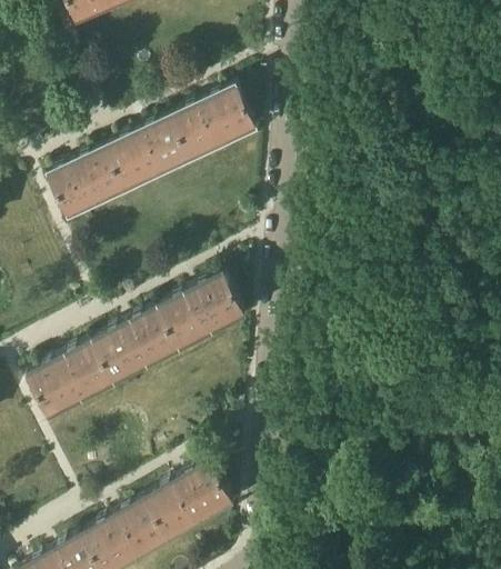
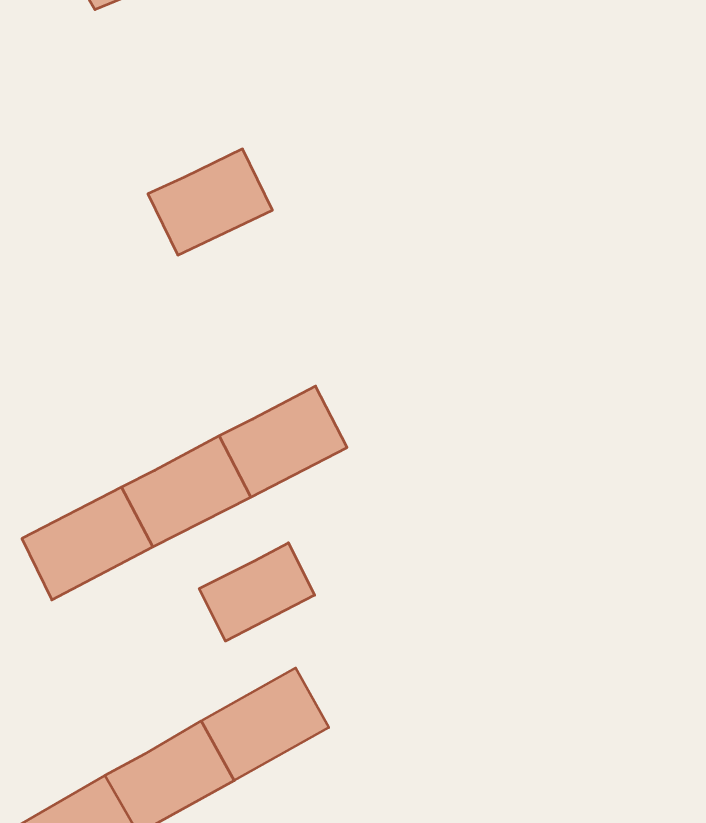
building: [172,87,253,157] -> none
building: [44,146,129,217] -> none
building: none -> [199,543,315,641]

